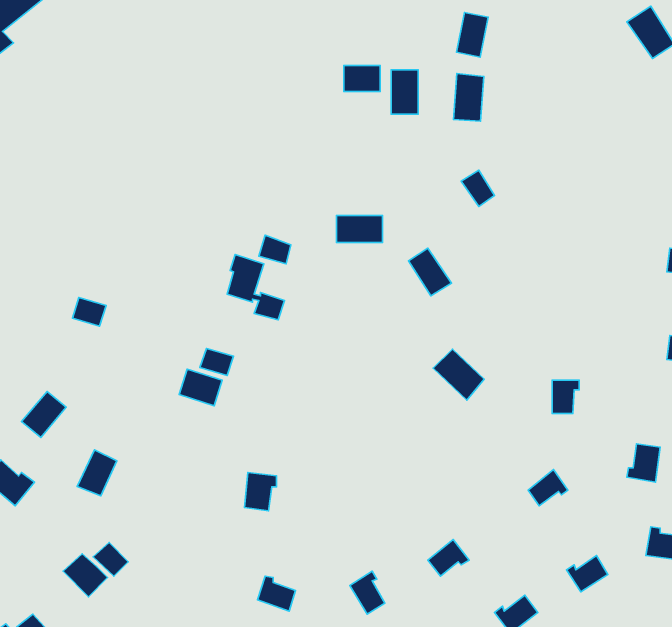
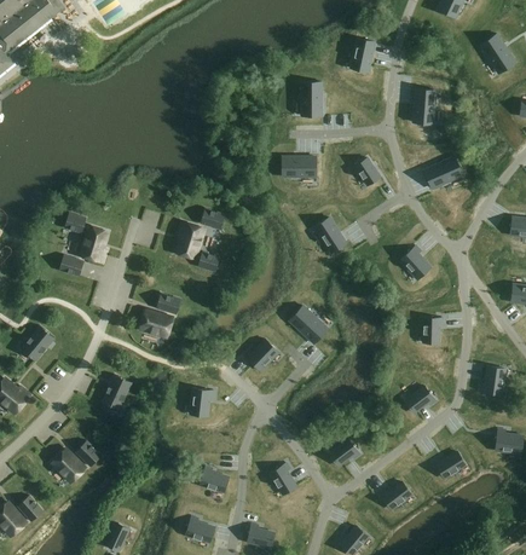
building: [344,66,380,91] -> none
building: [454,73,484,121] -> [412,87,435,123]
building: none -> [423,155,463,189]
building: [336,215,383,243] -> [282,156,317,177]
building: none -> [64,212,108,261]
building: none -> [400,244,432,279]
building: [433,349,484,400] -> [289,305,328,343]
building: none -> [243,340,277,372]
building: [77,450,117,496] -> [102,374,132,409]

